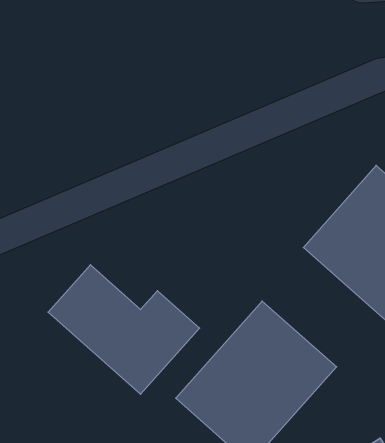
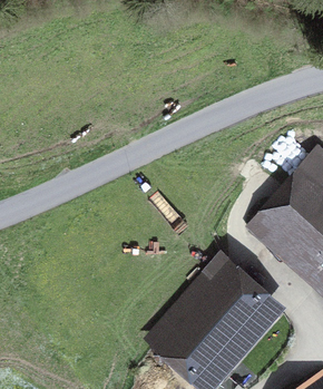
building: [48,265,200,394] -> none

